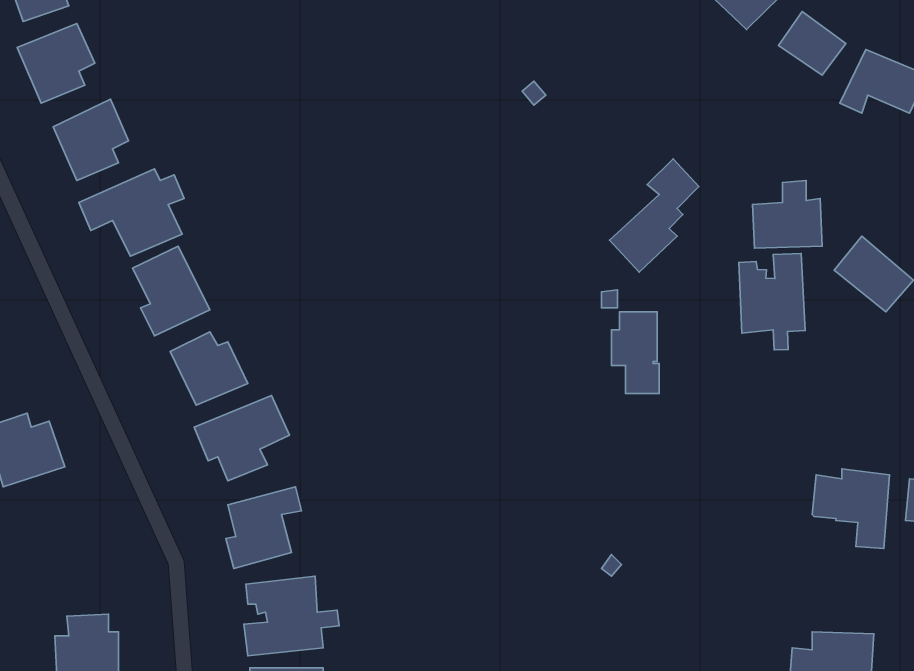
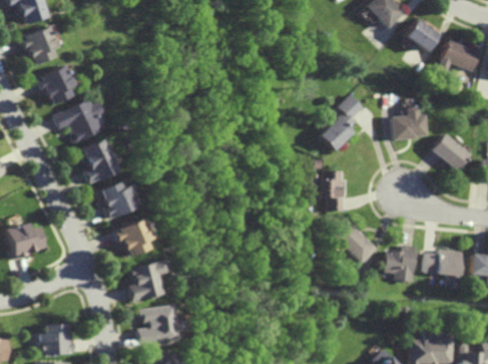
building: [739,254,805,350] -> none
building: none -> [333,222,377,264]
building: none -> [387,246,419,282]

